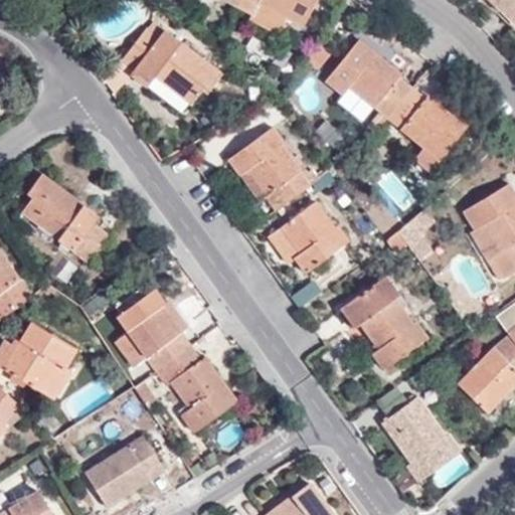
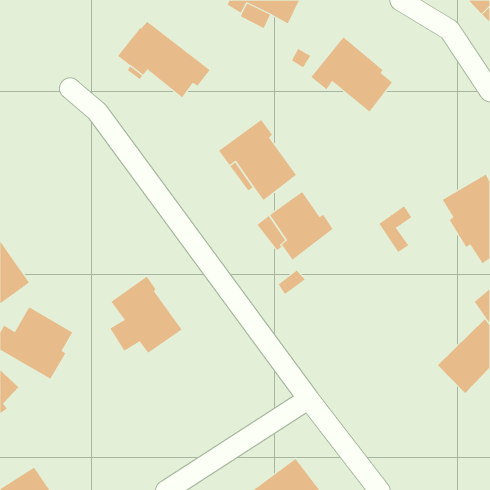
building: [387,88,468,172] -> none
building: [20,175,108,264] -> none
building: [341,277,427,369] -> none
building: [155,346,236,432] -> none
building: [383,397,461,482] -> none
building: [85,436,164,507] -> none

